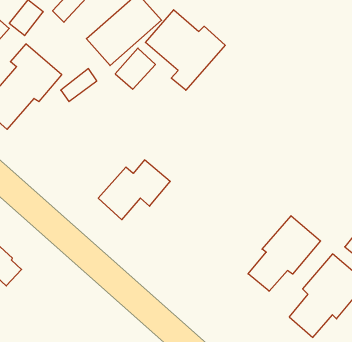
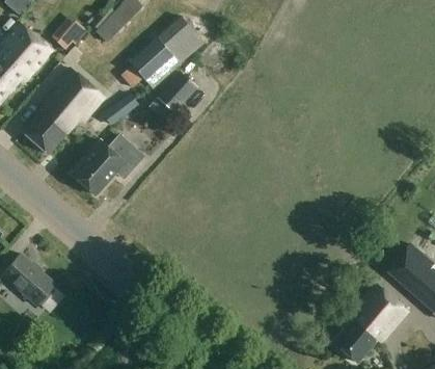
building: [145,10,225,90] -> none
building: [98,160,170,220] -> [72,134,144,194]
building: [248,216,321,291] -> none

